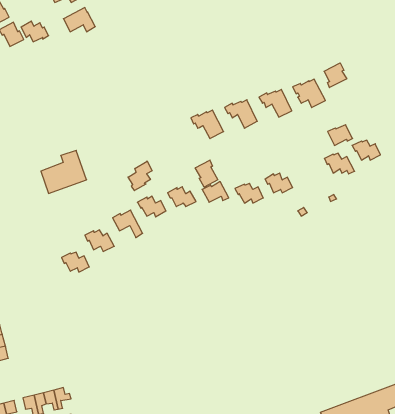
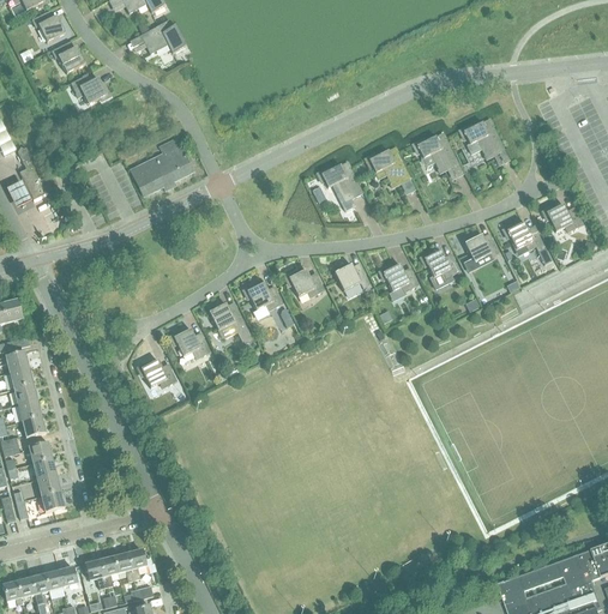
building: [21,21,49,42] -> [71,74,109,103]
building: [324,63,347,88] -> none
building: [328,125,353,145] -> [464,233,499,261]
building: [41,150,87,193] -> [133,134,197,194]
building: [195,160,218,187] -> none
building: [128,161,152,191] -> none

